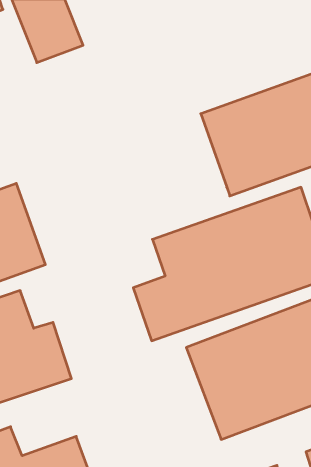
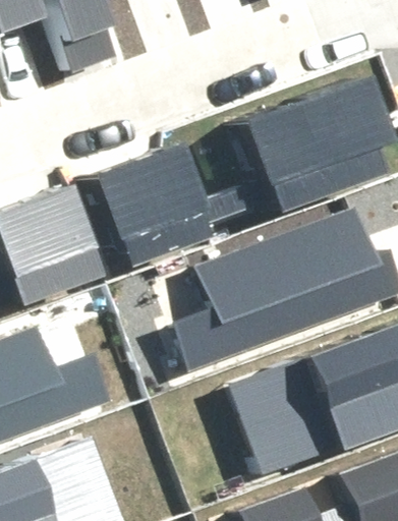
building: none -> [94,151,205,264]

